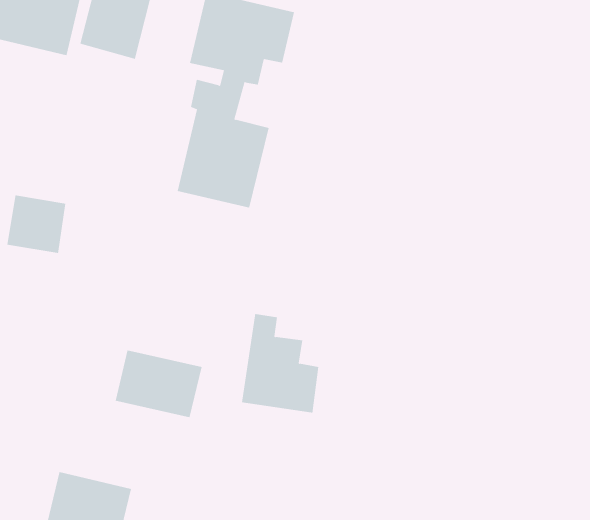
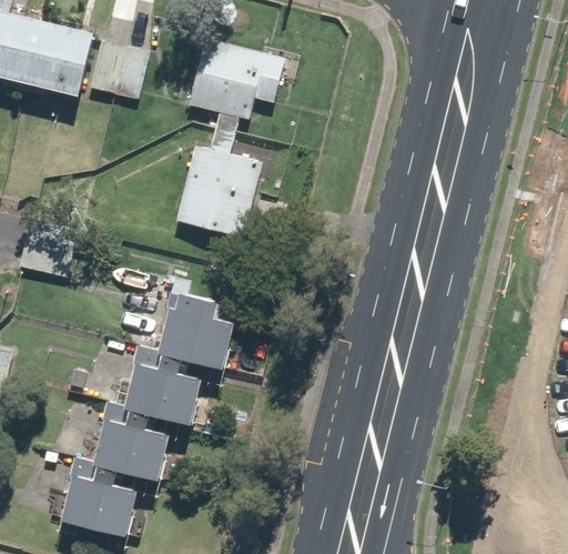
building: [241,313,319,413] -> [160,275,231,366]
building: none -> [90,422,169,482]

